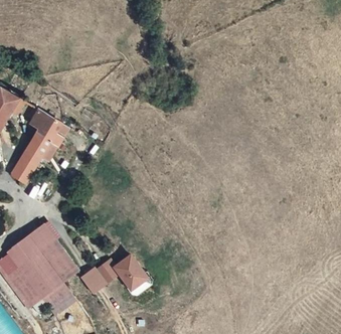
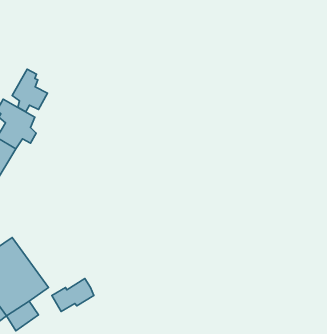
building: none -> [12,69,47,112]
building: [113,261,141,292] -> none

